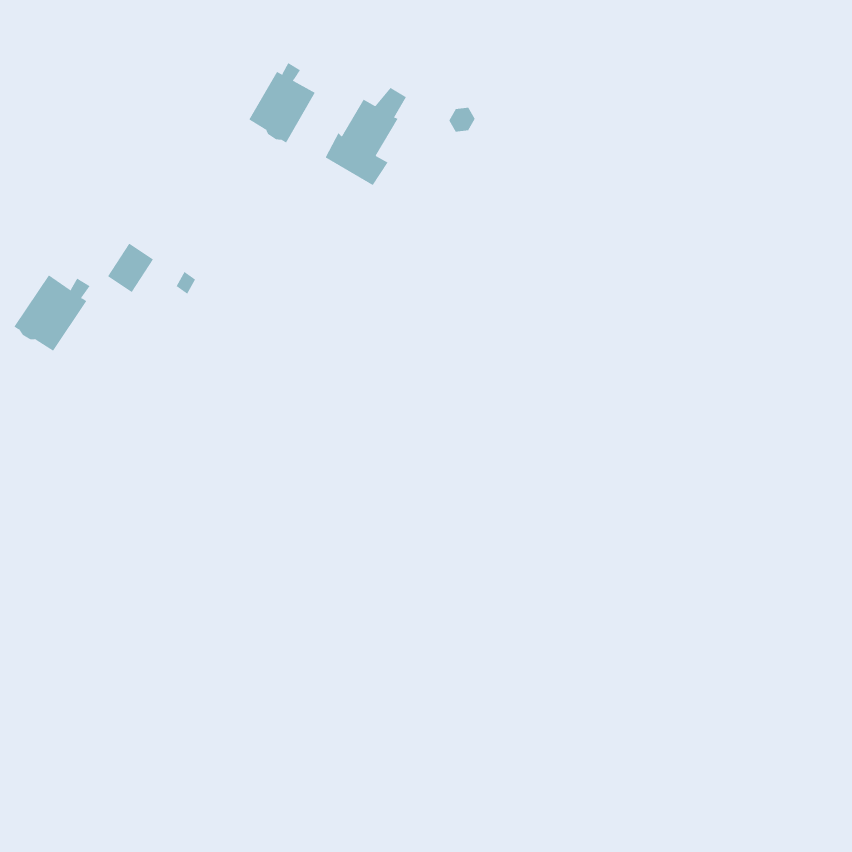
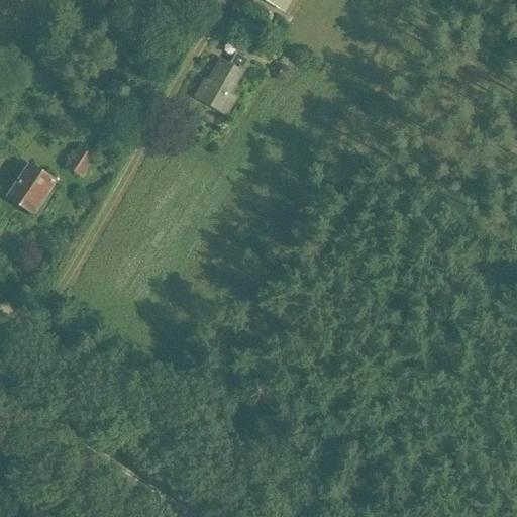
building: [248,62,315,143] -> none

